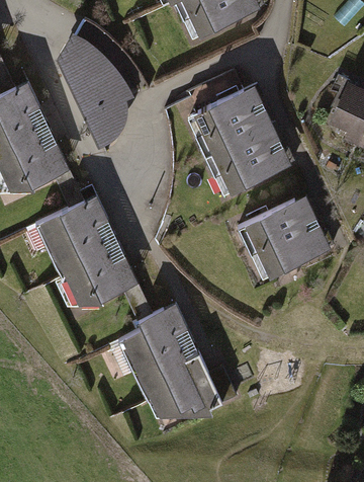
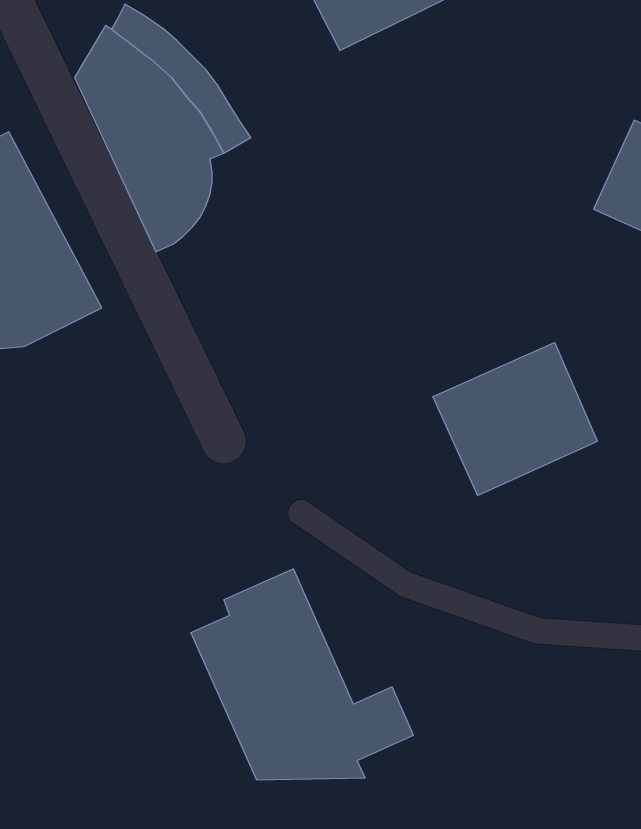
building: [193,80,293,189] -> none
building: [32,197,138,309] -> none

